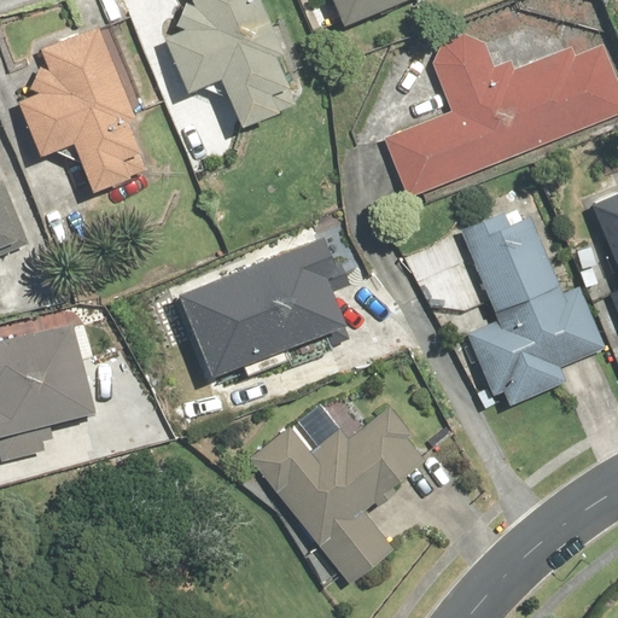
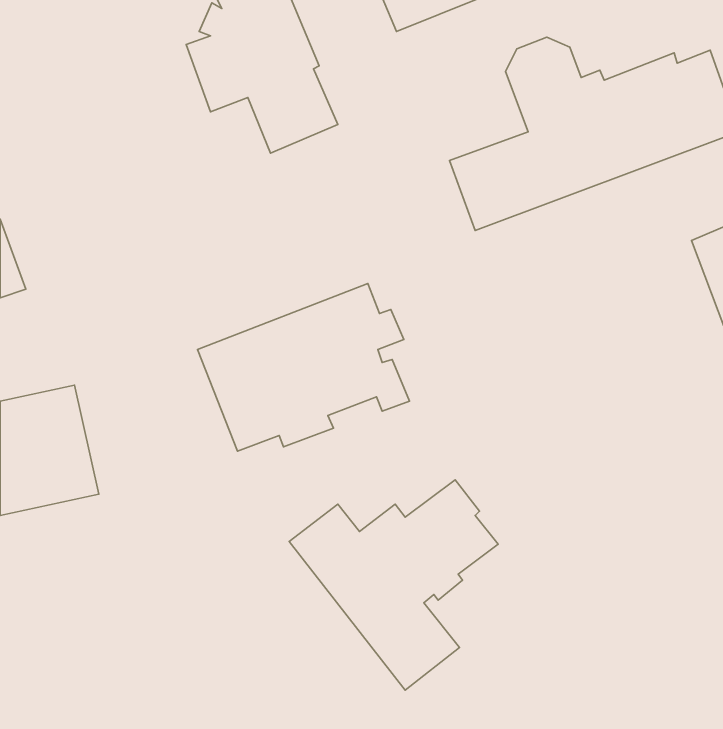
building: [18,27,147,194] -> none
building: [461,211,607,404] -> none

